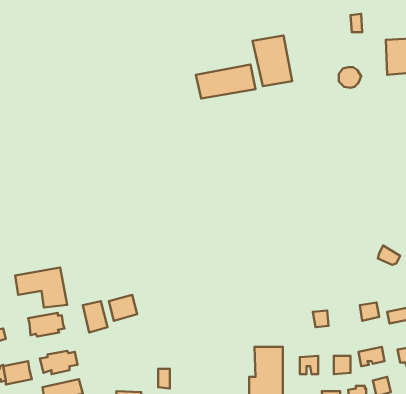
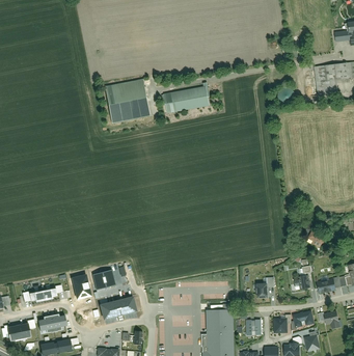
building: [253,36,292,86] -> none
building: none -> [105,79,149,124]
building: [15,268,67,308] -> none
building: none -> [101,297,138,321]

